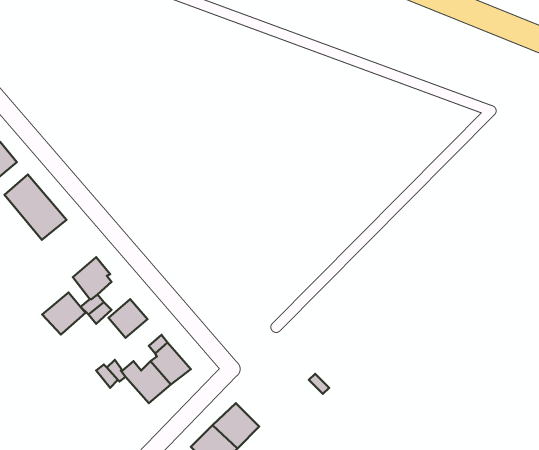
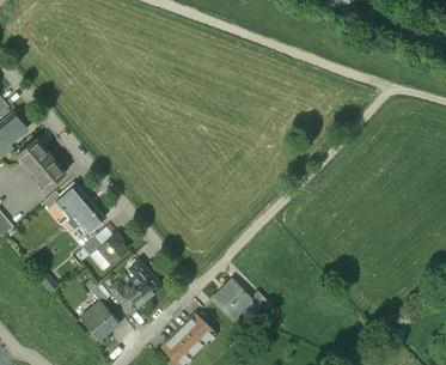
building: [42,293,86,335] -> [55,187,88,219]
building: none -> [212,279,251,321]
building: none -> [80,304,118,341]

